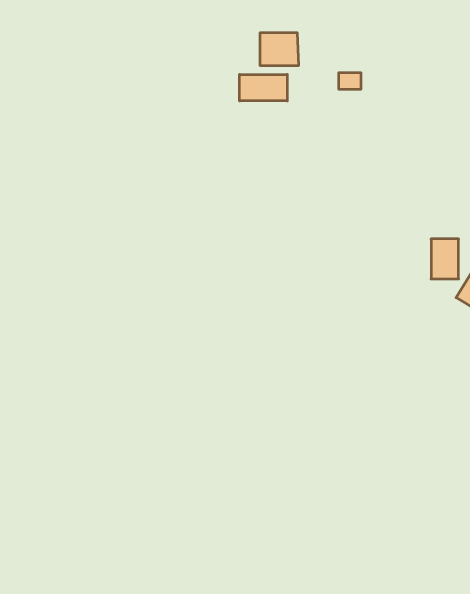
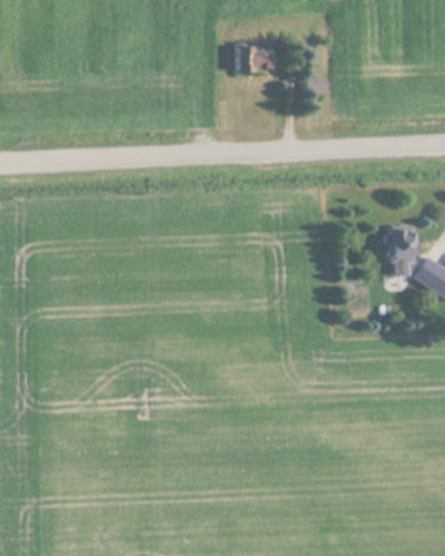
building: [240,74,287,101] -> none

